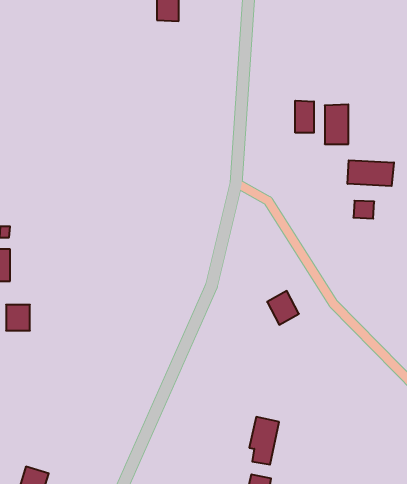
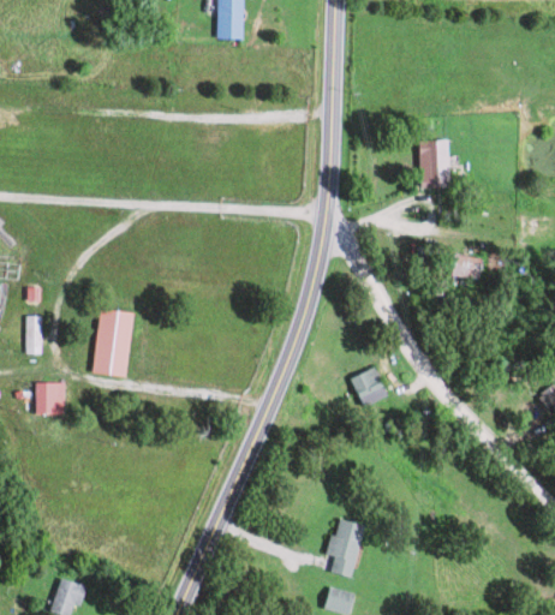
building: [295,101,314,133] -> none
building: [348,160,394,186] -> none
building: none -> [91,309,136,378]

